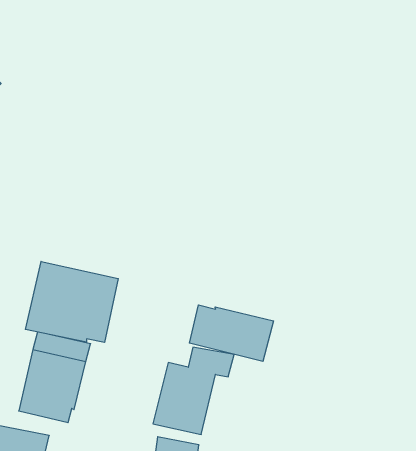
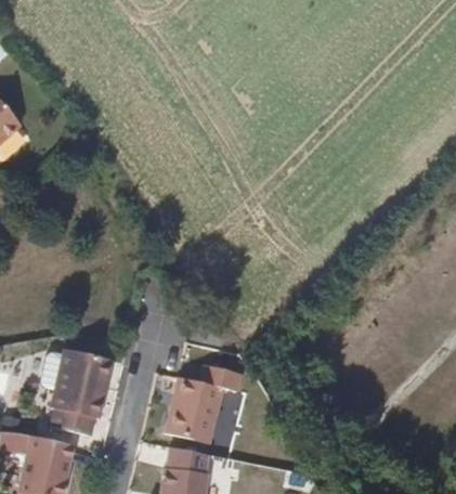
building: [25,261,118,342] -> none
building: [189,305,274,361] -> none

